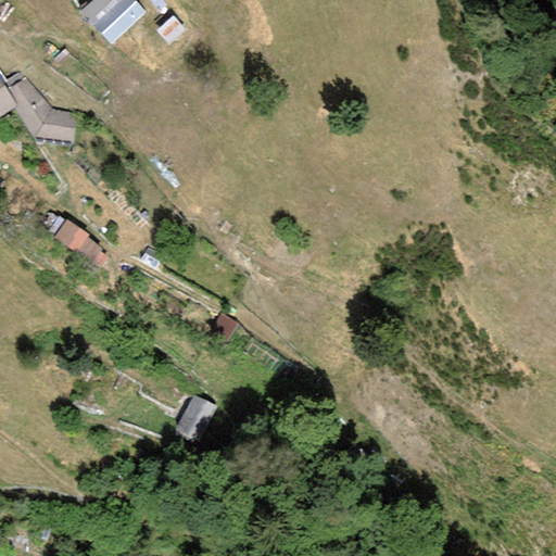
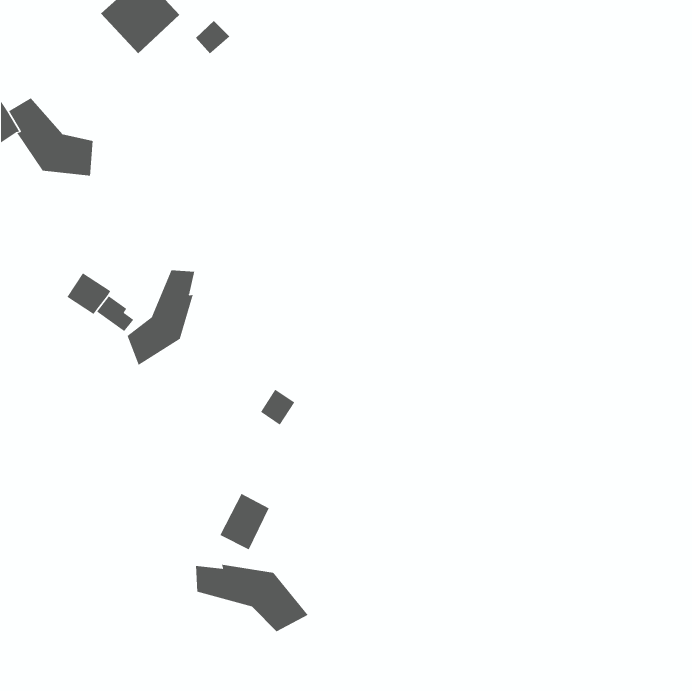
building: none -> [127,269,195,366]
building: none -> [195,564,309,632]

